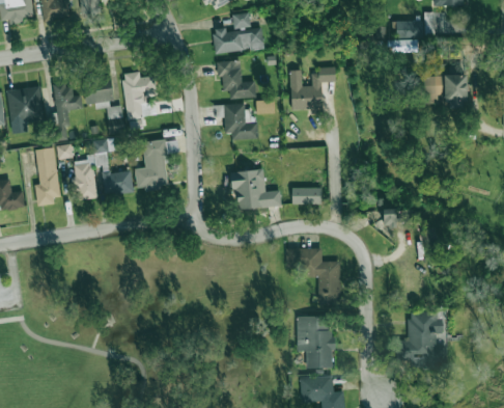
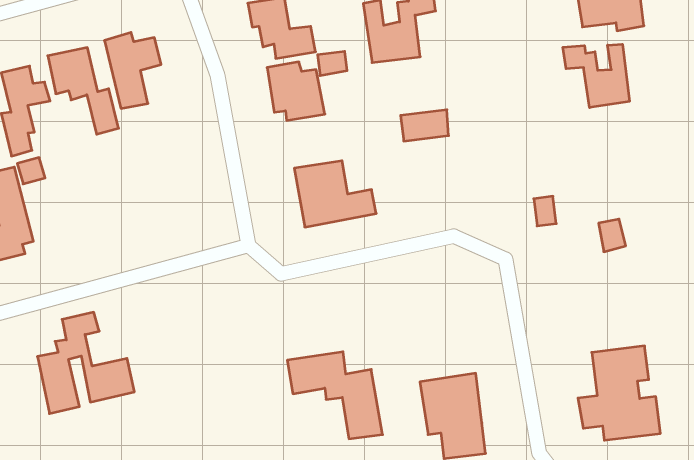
building: none -> [563,44,629,108]
building: [75,138,134,199] -> [37,312,134,414]
building: [136,139,170,191] -> none
building: [292,187,323,203] -> [401,110,449,141]
building: [286,247,341,303] -> [287,352,383,439]

